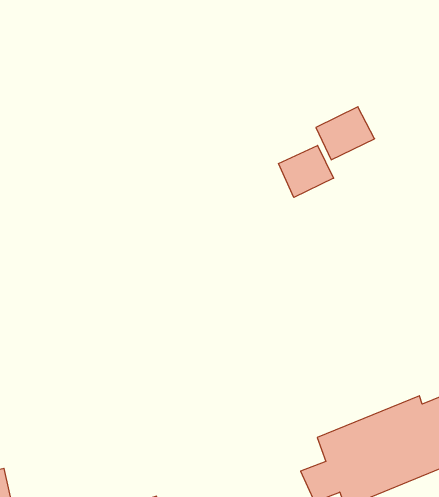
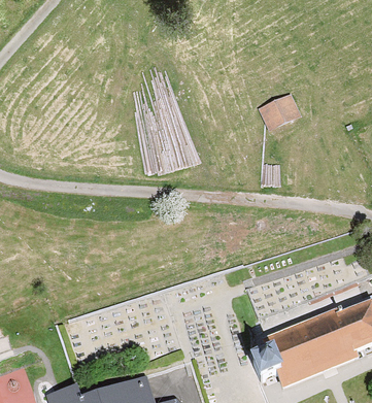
building: [279,145,334,197] -> none

